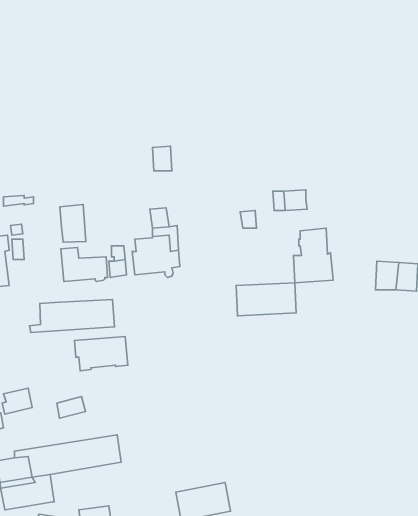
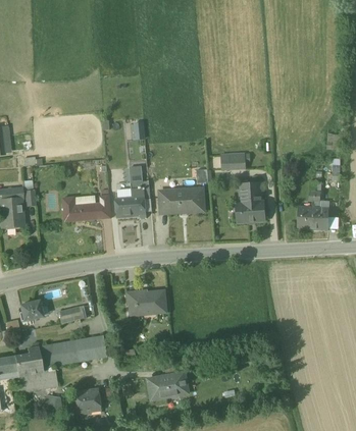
building: [60,204,86,242] -> none
building: [236,283,296,316] -> [159,187,204,212]
building: [30,300,115,333] -> none
building: [75,337,128,371] -> [126,289,166,315]

